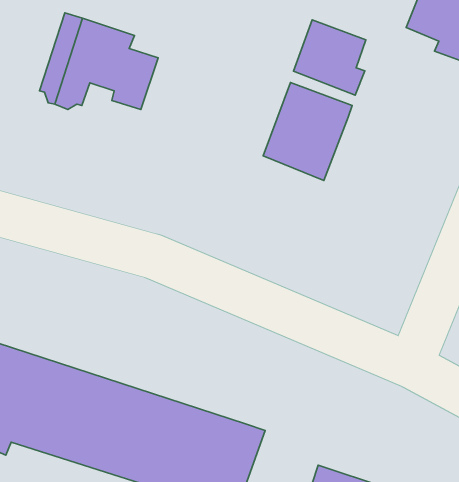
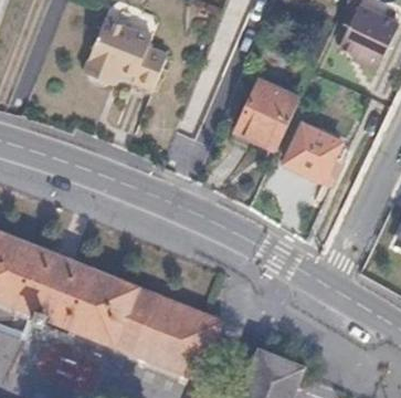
building: [294,20,366,95] -> none
building: none -> [284,125,340,180]

